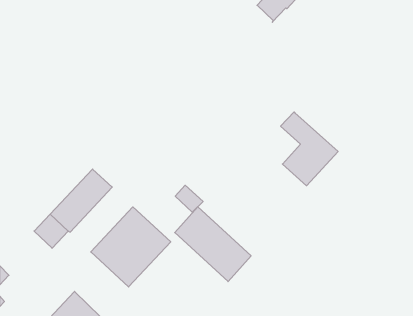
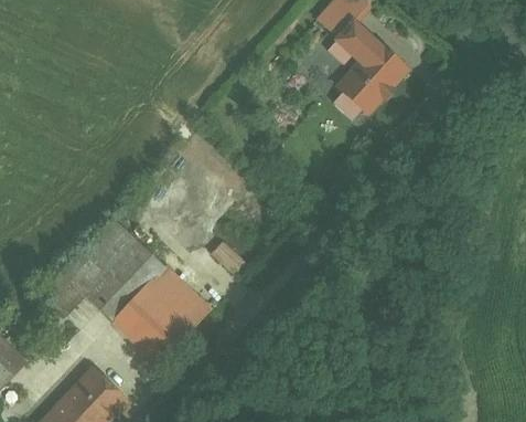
building: [281,112,338,186] -> [335,21,406,112]
building: none -> [87,241,164,320]
building: [175,207,251,282] -> none

